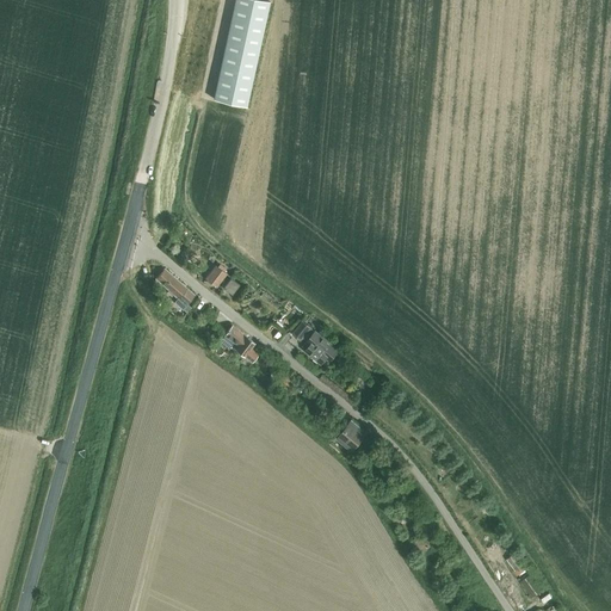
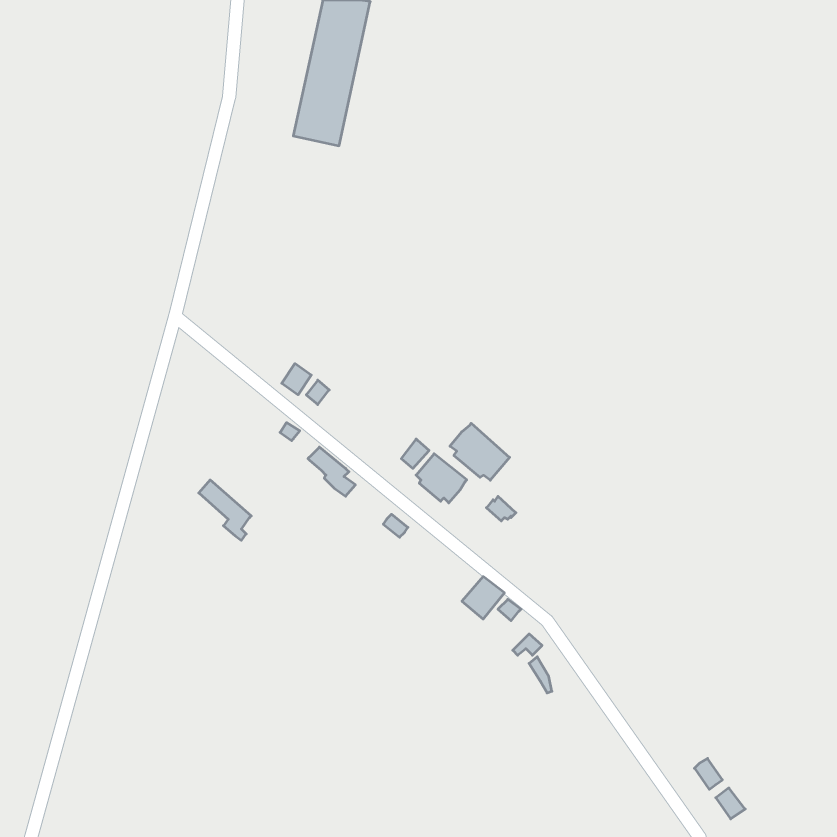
building: [156,269,195,313] -> [199,480,251,540]
building: none -> [450,423,510,480]

